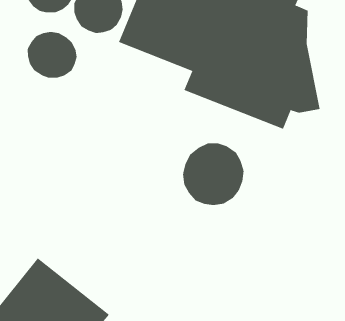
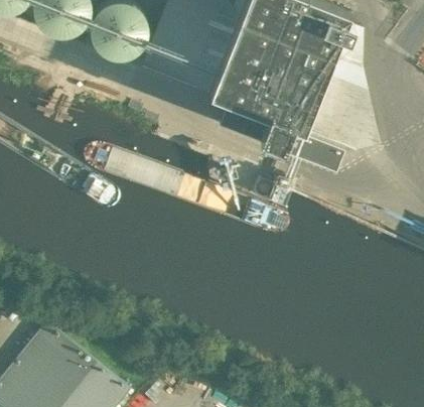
building: [27,31,77,78] -> none
building: [183,143,244,206] -> none

